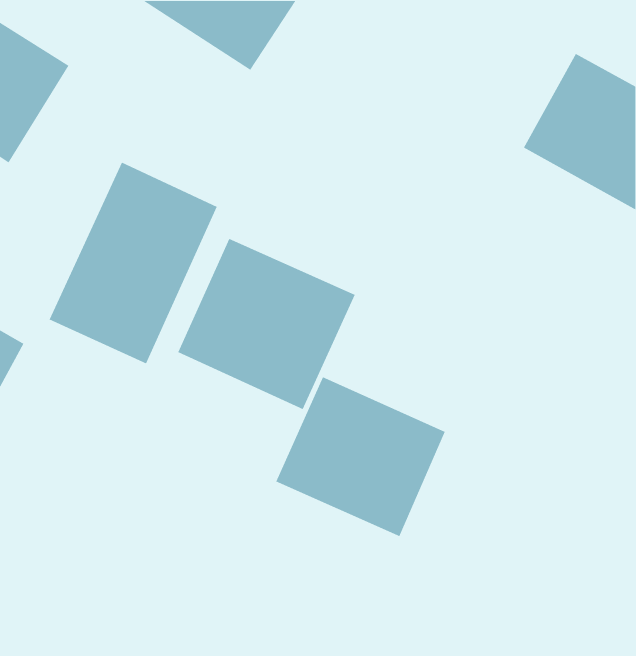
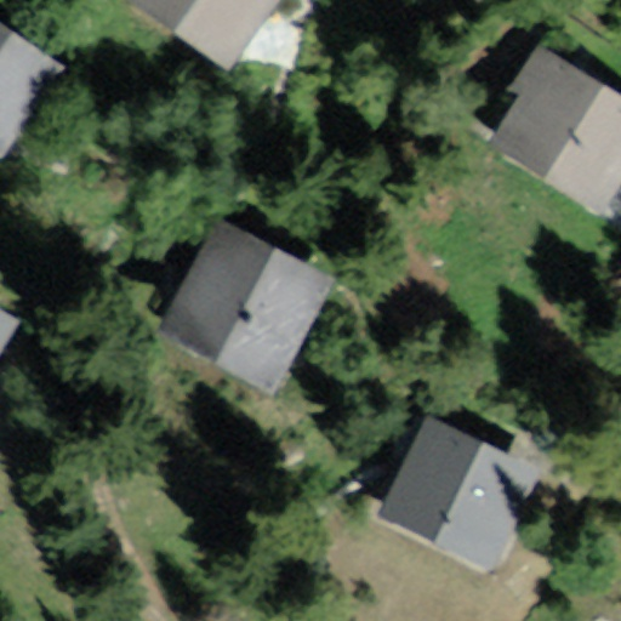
building: [48,162,218,364] -> none
building: [275,376,446,537] -> [384,415,546,566]

